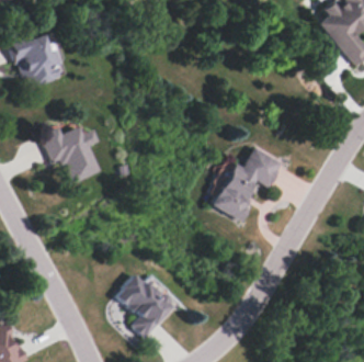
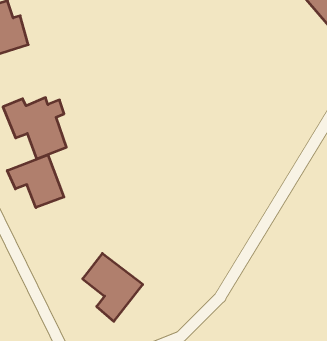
building: [214,148,283,220] -> none
building: none -> [7,155,64,208]

